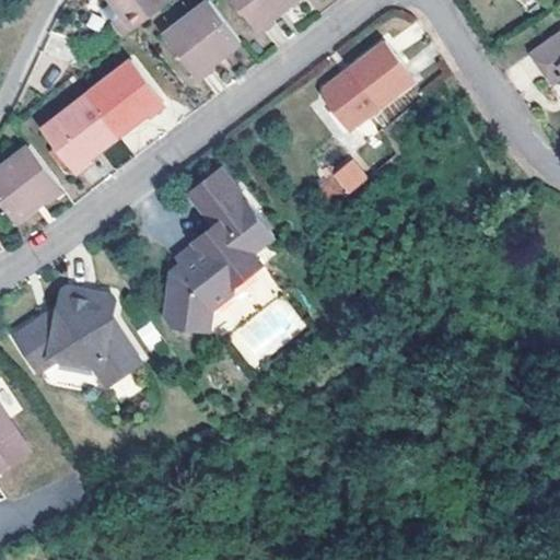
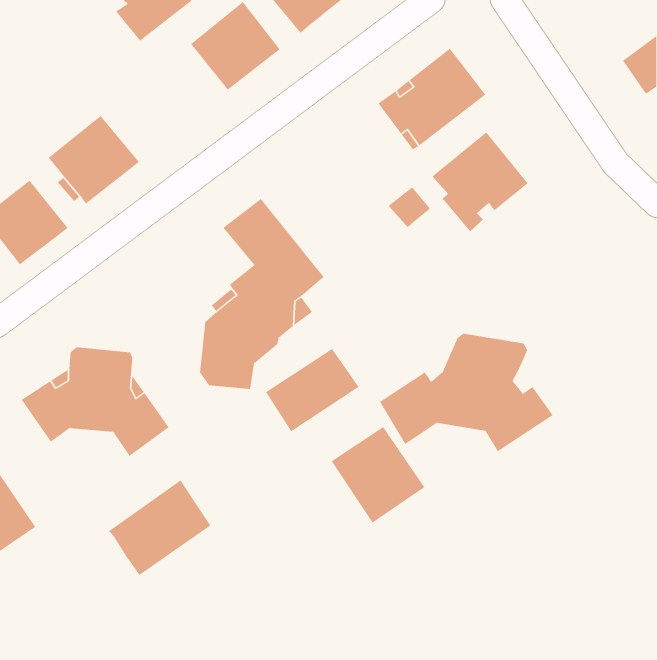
building: [85,62,161,137] -> none
building: none -> [432,131,529,232]
building: none -> [379,333,554,452]
building: none -> [331,426,425,524]
building: none -> [108,480,211,576]

